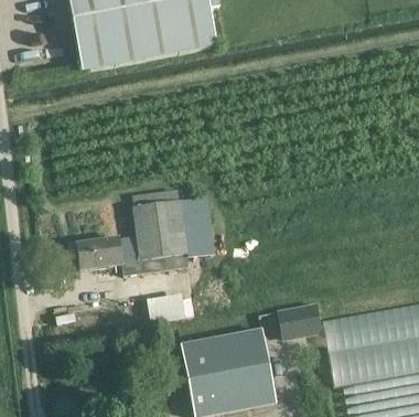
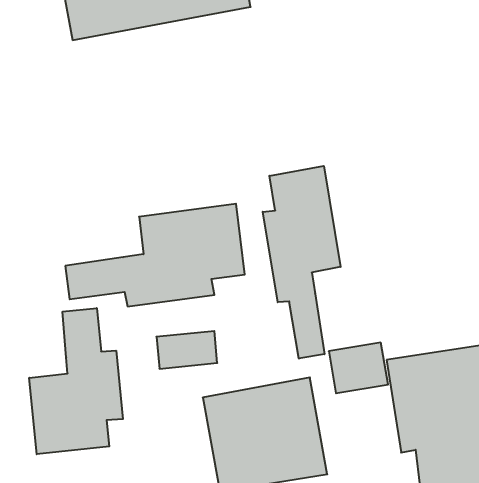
building: none -> [263,166,341,359]
building: none -> [29,308,123,454]

